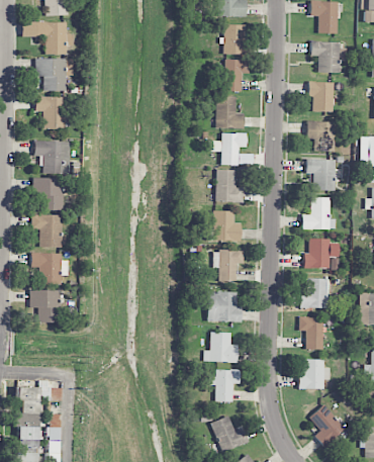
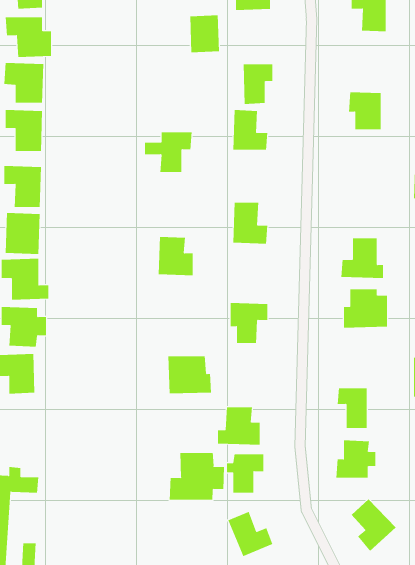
building: [222,24,247,55] -> [189,15,220,53]
building: [310,41,347,73] -> none
building: [306,121,336,152] -> none
building: [208,133,247,166] -> [144,132,192,173]
building: [305,160,336,190] -> none
building: [212,210,241,242] -> [158,236,193,276]
building: [299,278,328,308] -> none
building: [206,292,242,322] -> [167,356,212,394]
building: none -> [169,452,225,500]

